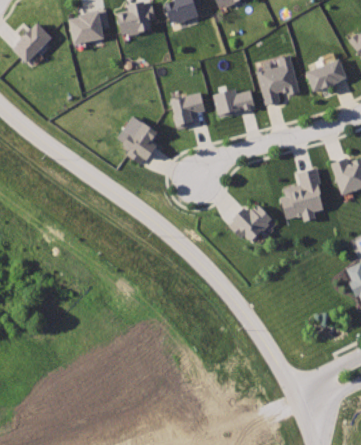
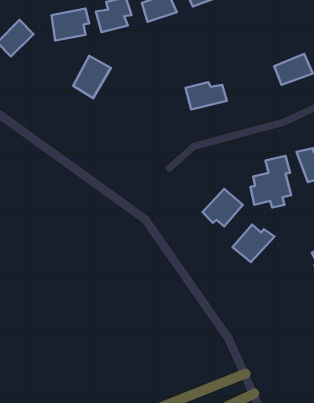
building: [254,56,300,106] -> none
building: [170,92,205,129] -> none
building: [121,119,161,164] -> [73,56,111,98]
building: none -> [233,224,275,262]

